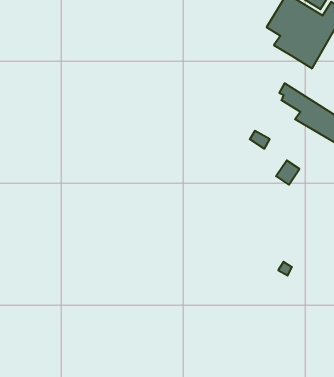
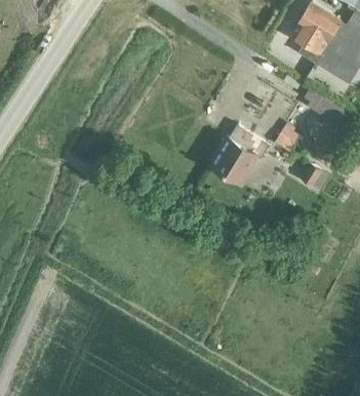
building: none -> [212,124,272,184]

